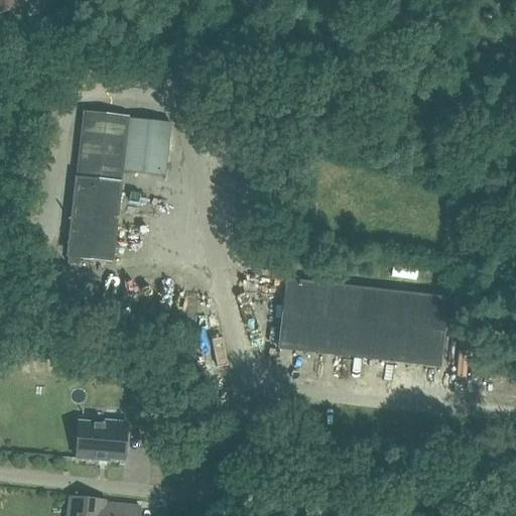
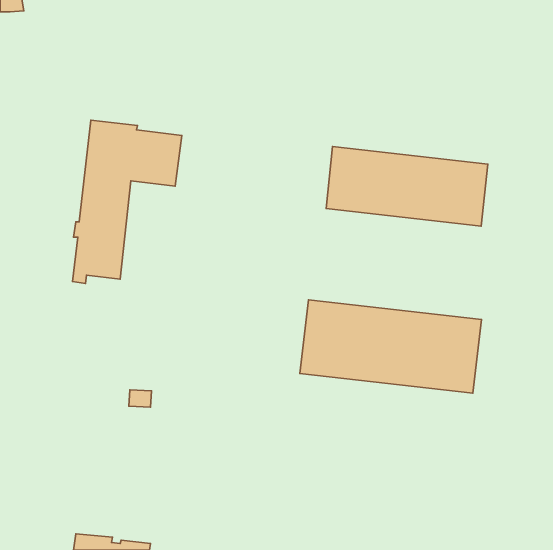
building: none -> [326,147,488,226]
building: [76,419,127,459] -> none

